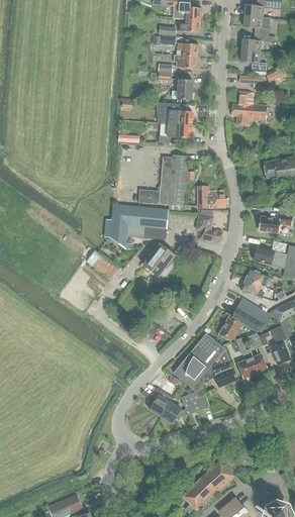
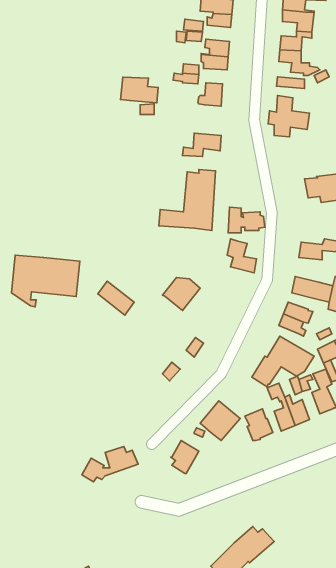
building: [160,102,192,124] -> [120,77,158,103]
building: [109,204,168,248] -> [12,255,80,307]
building: [189,332,224,368] -> none
building: [161,391,209,421] -> [82,447,138,482]

